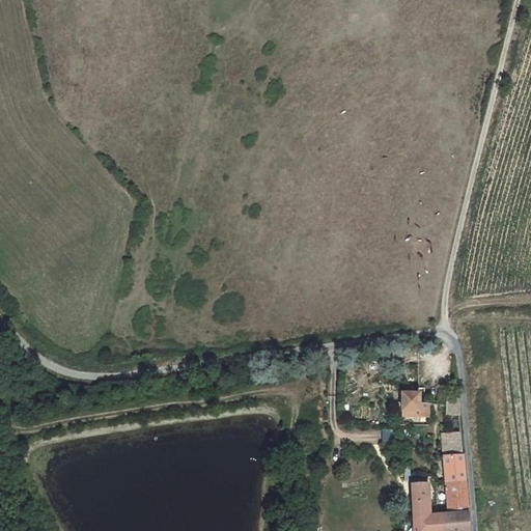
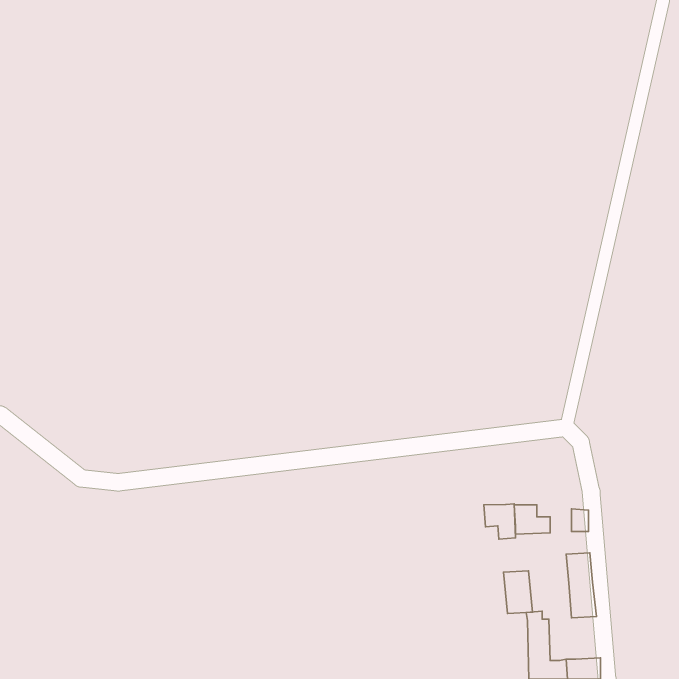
building: none -> [484,504,515,539]
building: [446,481,469,514] -> [503,571,533,613]

